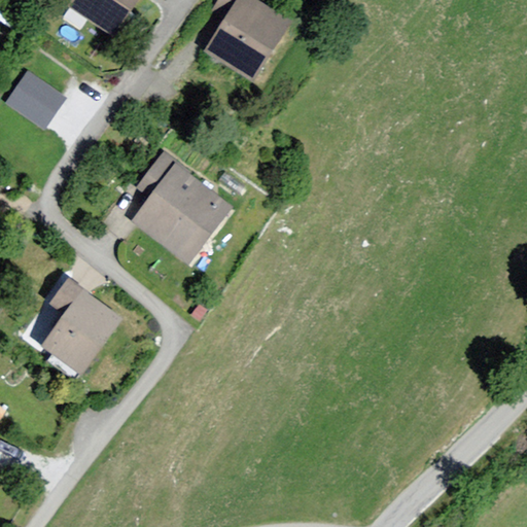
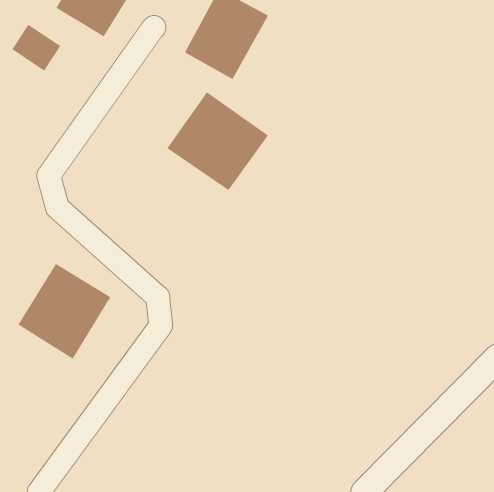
building: [13,70,66,120] -> [11,24,61,71]
building: [127,157,235,262] -> [166,92,269,191]

